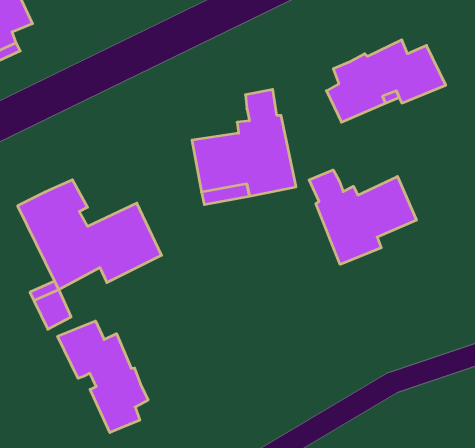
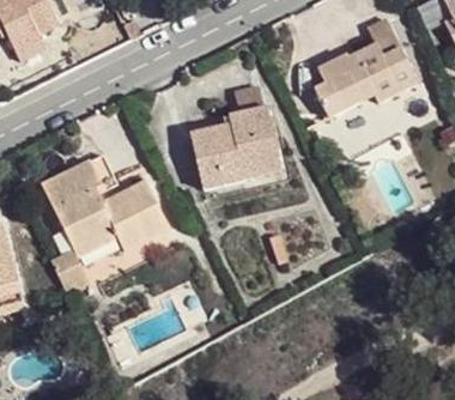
building: [309,170,416,264] -> none
building: [58,321,148,433] -> none

